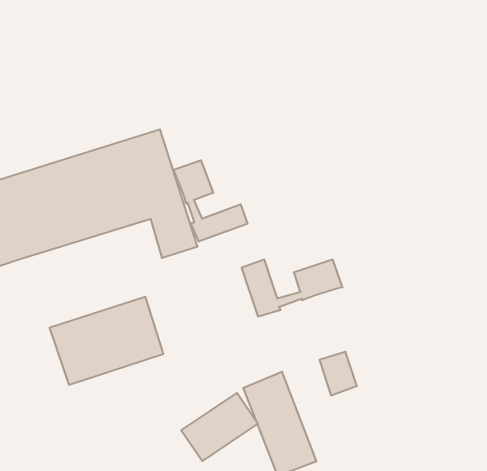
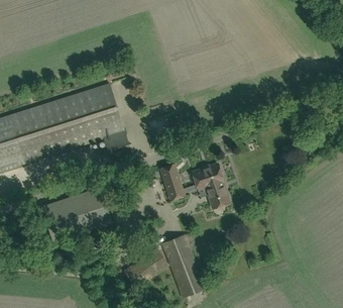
building: [173,160,247,242] -> none
building: [319,352,357,396] -> [206,180,229,207]

